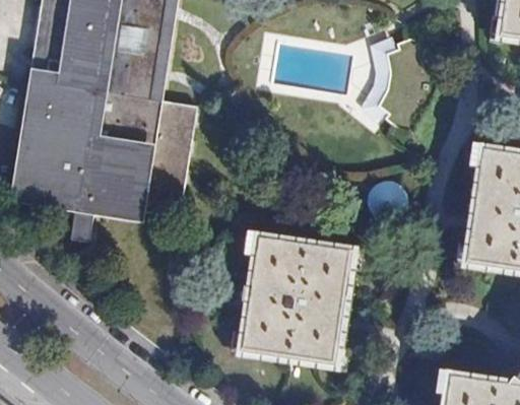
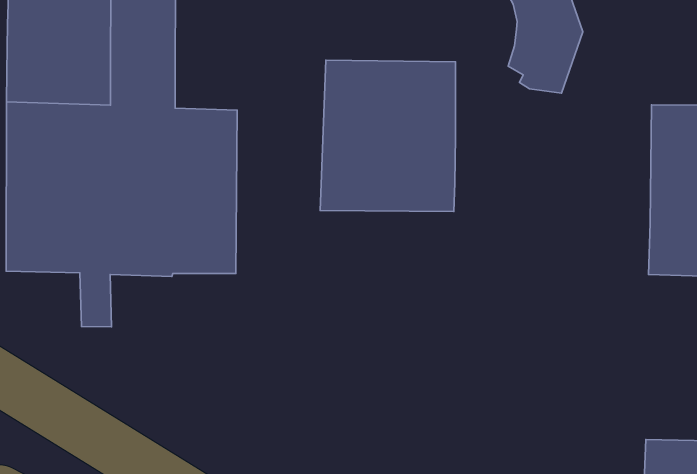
building: none -> [320,60,456,211]
building: [231,226,344,356] -> none

